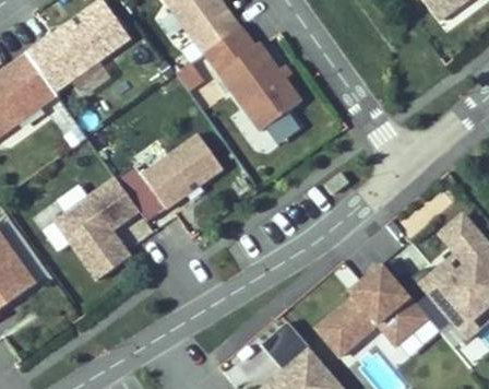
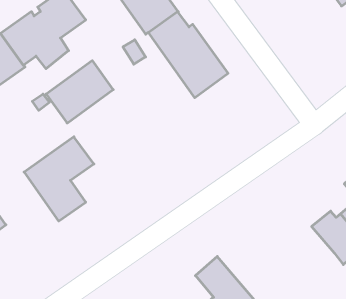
building: [143,133,224,209] -> [46,61,113,123]
building: [317,263,429,355] -> none

